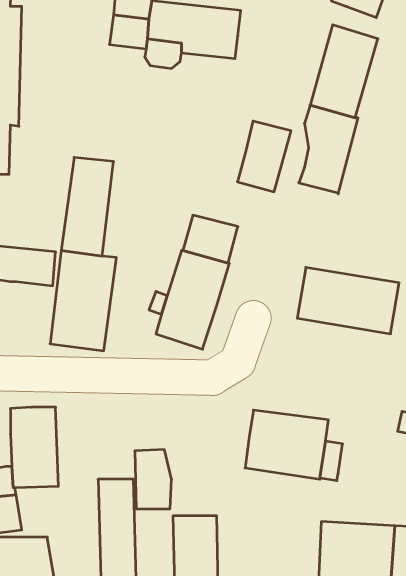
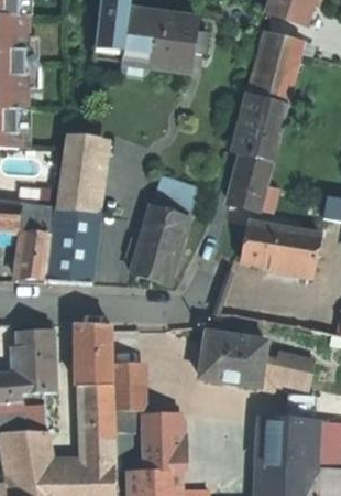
building: [237,121,291,192] -> [230,154,272,209]
building: none -> [18,231,51,281]
building: none -> [75,325,113,386]
building: none -> [273,352,312,384]

